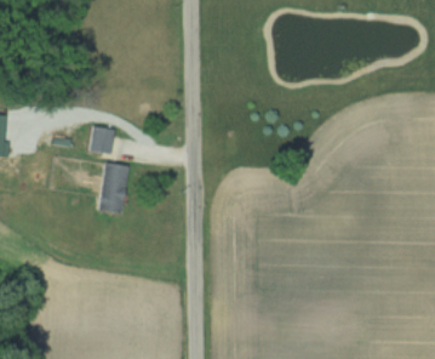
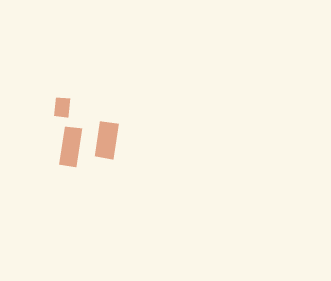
building: none -> [94,120,119,161]

